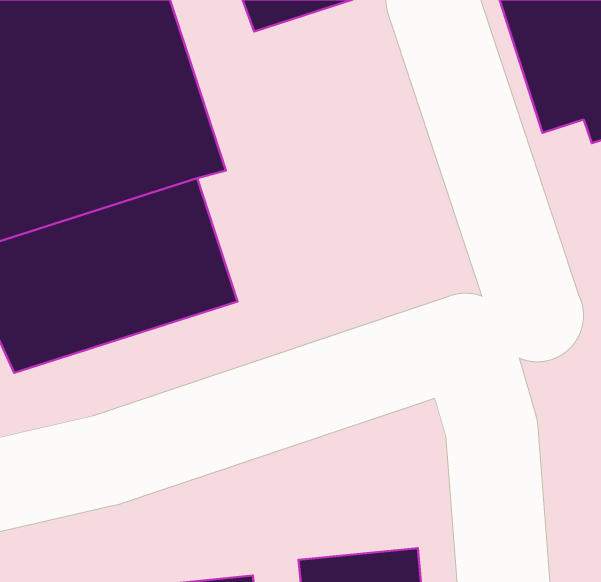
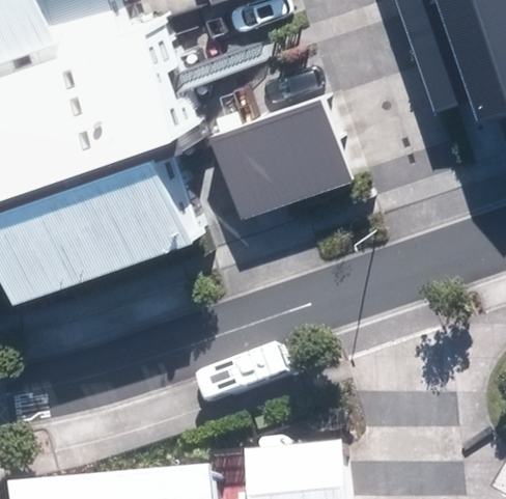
building: none -> [204,92,365,234]

